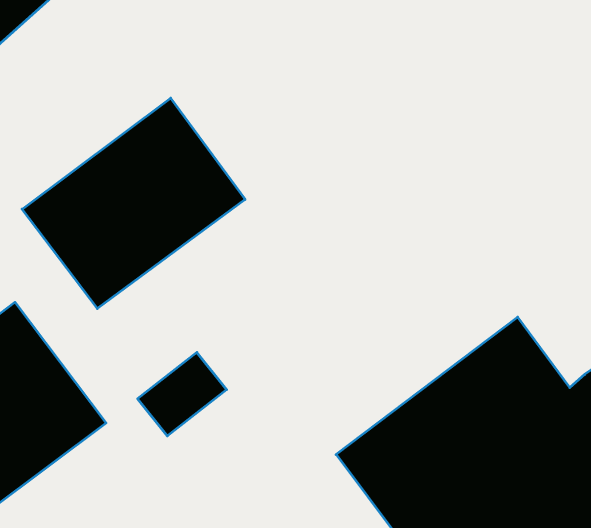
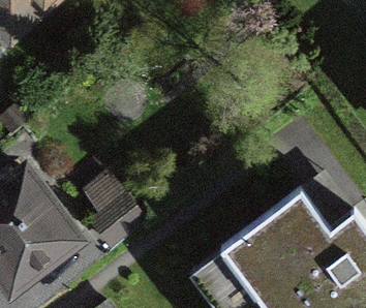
building: [22,98,245,309] -> none

